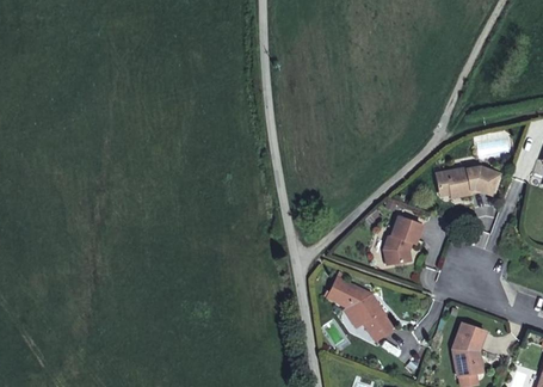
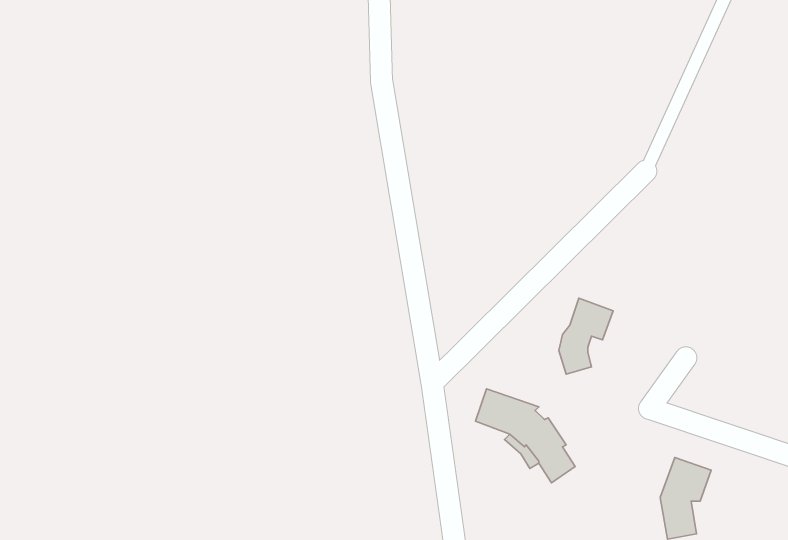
building: [433,167,499,196] -> none

